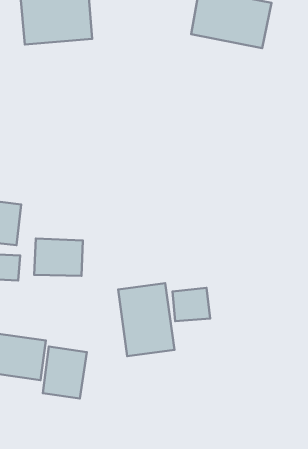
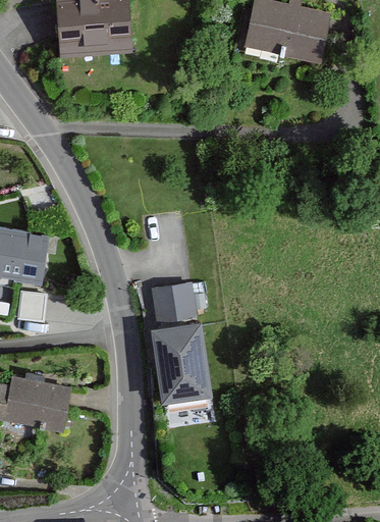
building: [34,239,83,276] -> none
building: [172,288,210,321] -> [153,285,195,322]
building: [43,347,87,399] -> none

